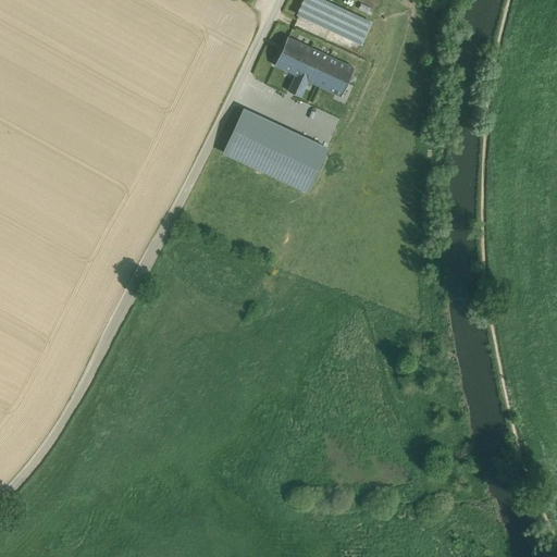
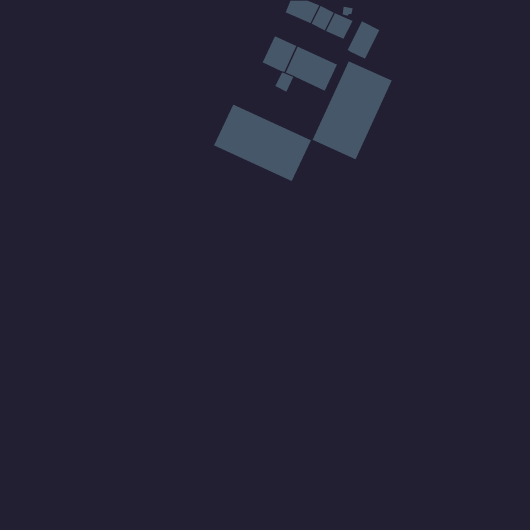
building: none -> [347,20,380,60]
building: none -> [312,61,393,160]

